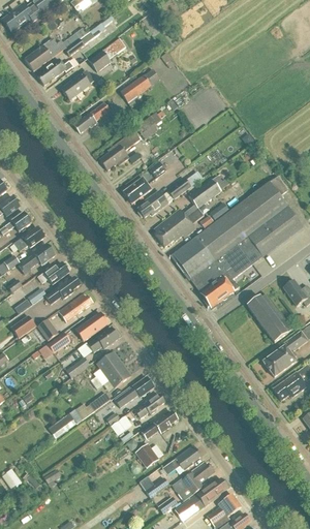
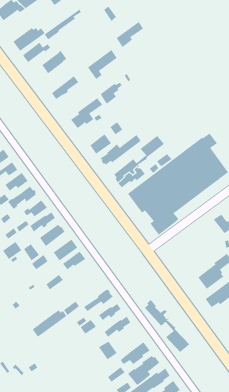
building: [89,37,125,71] -> [116,21,144,48]
building: [246,292,291,341] -> none
building: [94,351,130,386] -> none
building: none -> [144,299,190,353]

